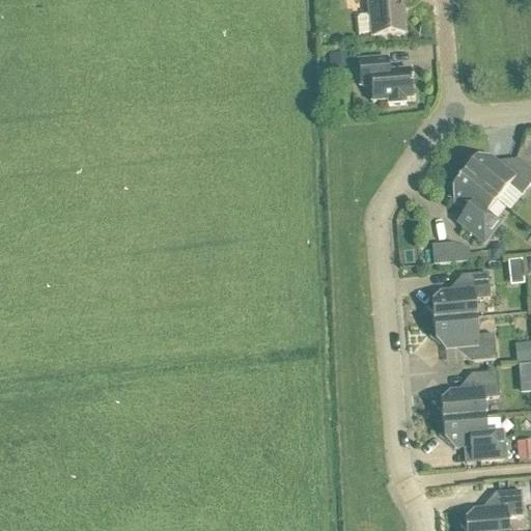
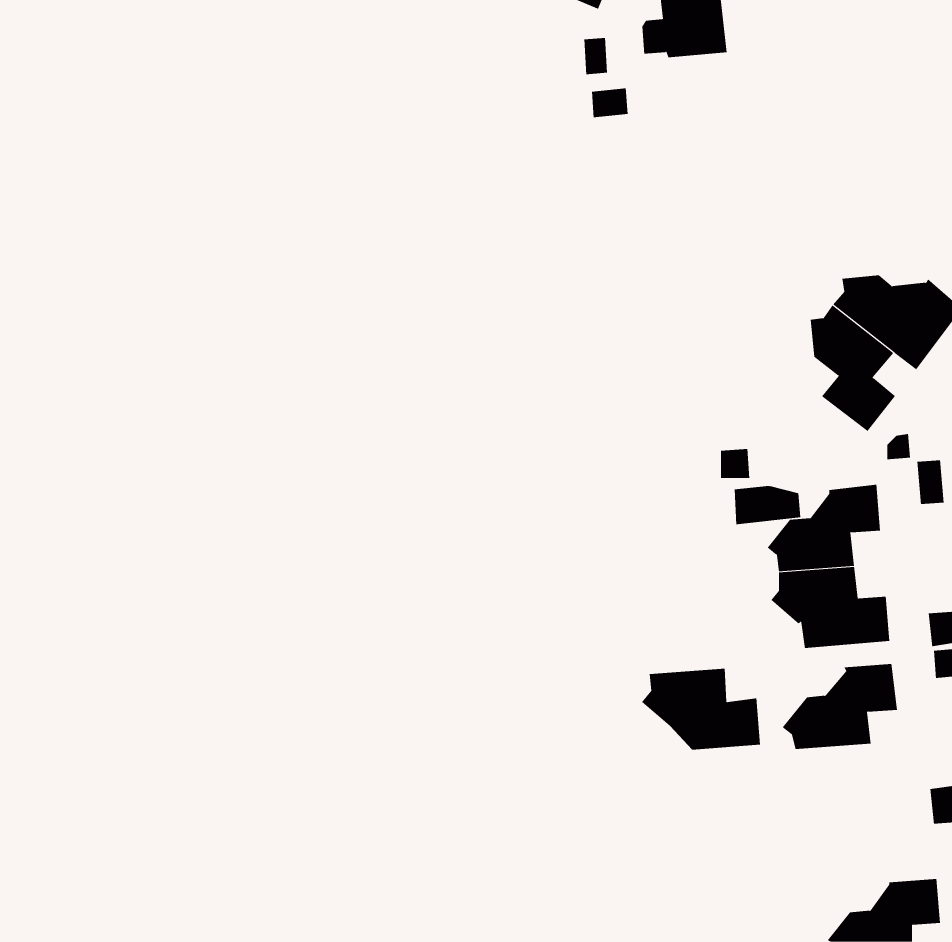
building: [358,54,414,101] -> none
building: [434,240,471,261] -> [734,486,801,525]
building: [439,413,505,458] -> [641,668,761,750]

